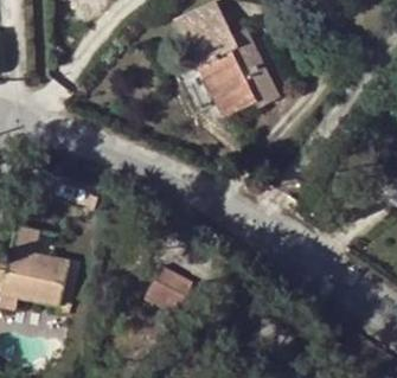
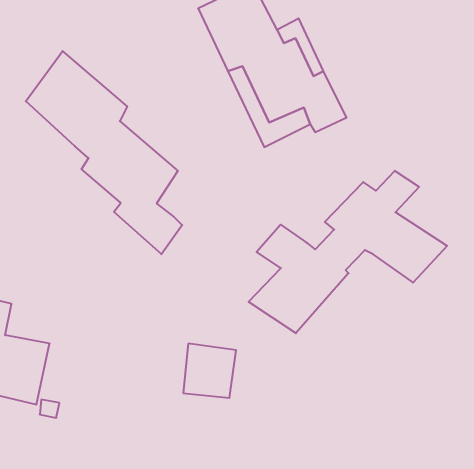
building: none -> [26,51,182,254]
building: none -> [249,171,447,333]

